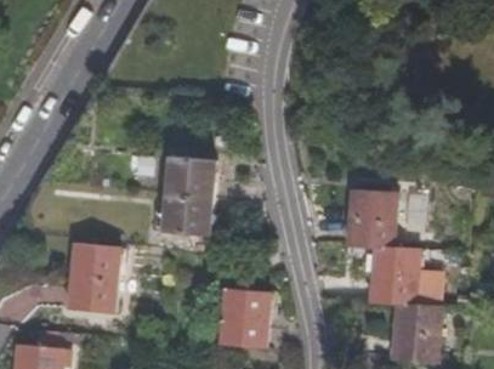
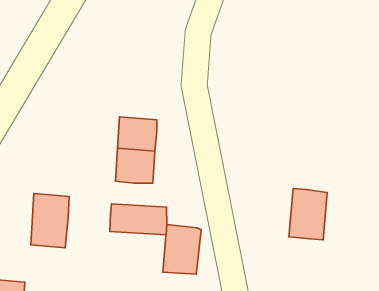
building: [353,187,399,244] -> none
building: none -> [110,204,167,235]
building: [396,303,442,361] -> none

